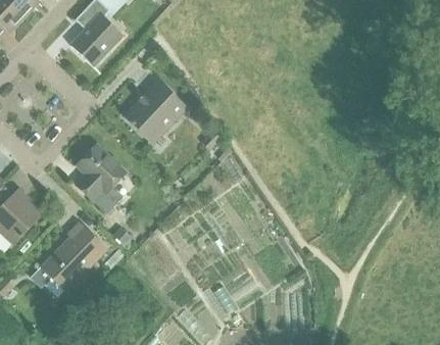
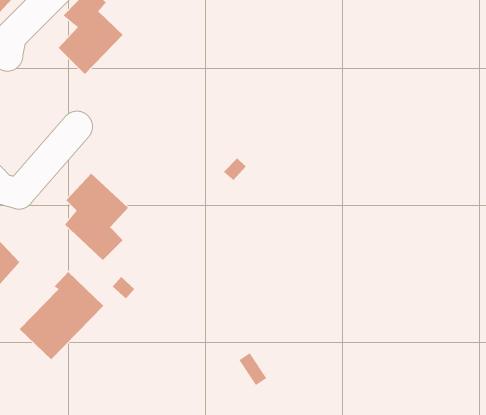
building: [121,80,187,144] -> none

